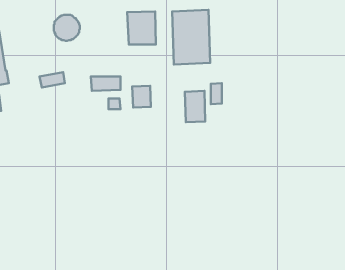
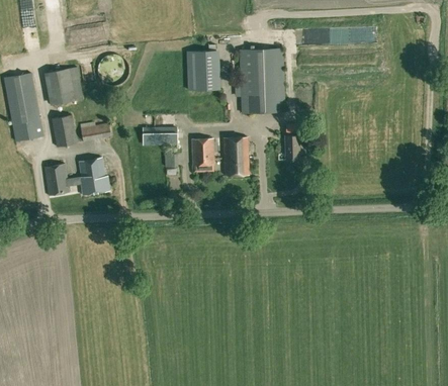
building: none -> [42,67,81,105]
building: none -> [51,114,77,147]
building: [185,91,205,122] -> [223,137,248,175]
building: none -> [43,158,109,195]

